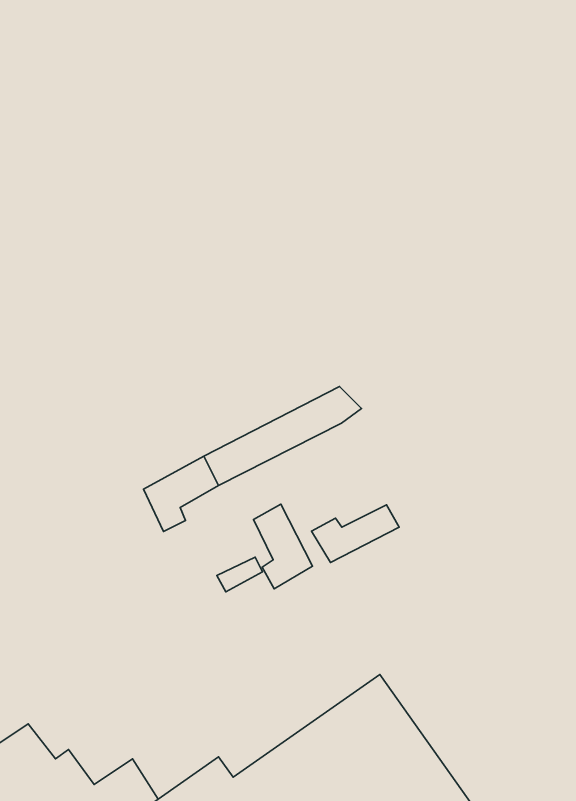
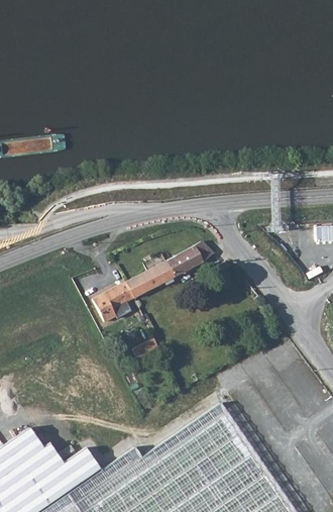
building: [253,504,313,589] -> none
building: [311,505,399,562] -> none

